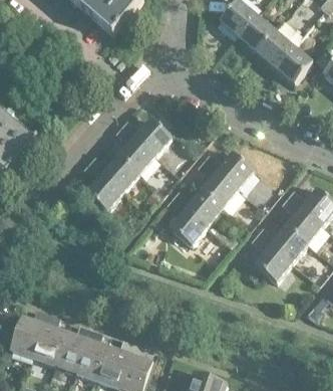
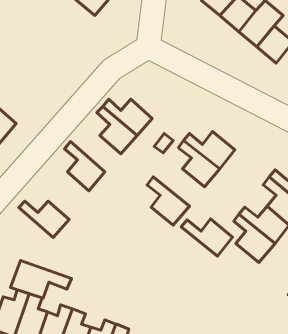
building: [90,155,140,191] -> [19,201,69,238]
building: [173,188,224,225] -> [181,219,233,256]
building: none -> [10,261,71,298]

